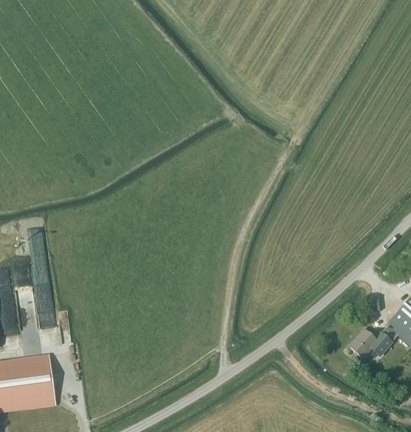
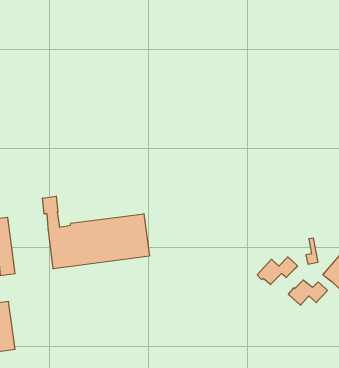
building: none -> [42,196,149,269]
building: none -> [257,257,297,285]

